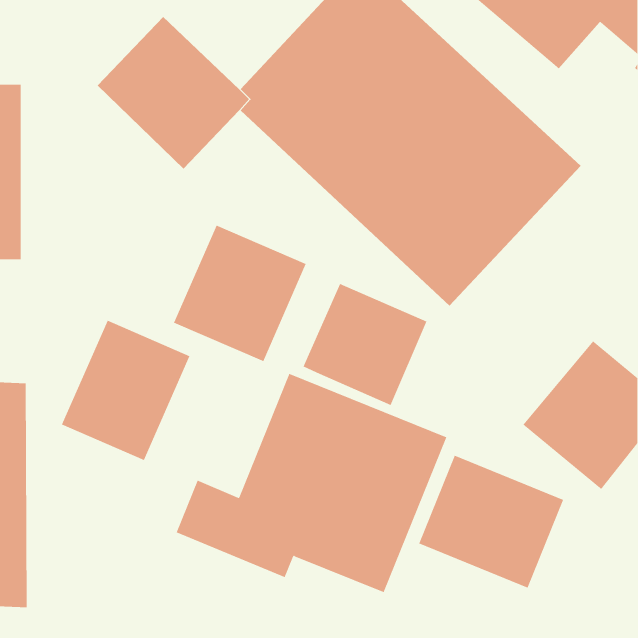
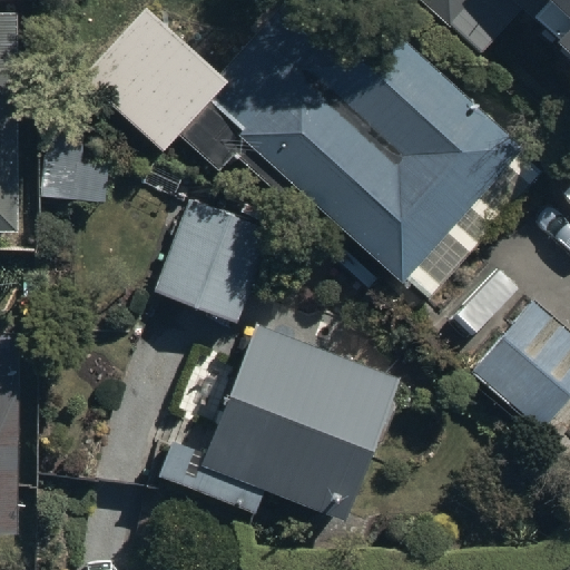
building: [303,283,427,406] -> none
building: [61,320,190,461] -> none
building: [419,455,564,588] -> none

